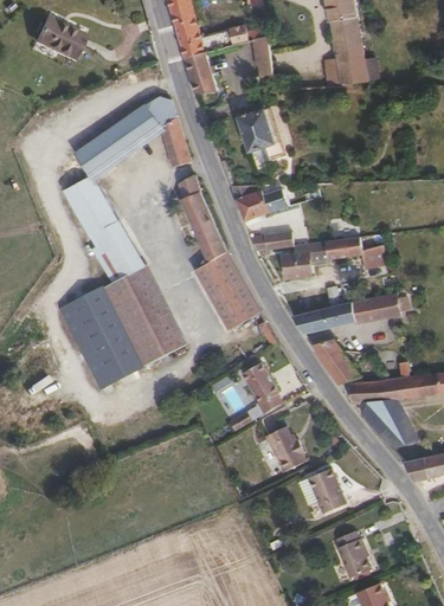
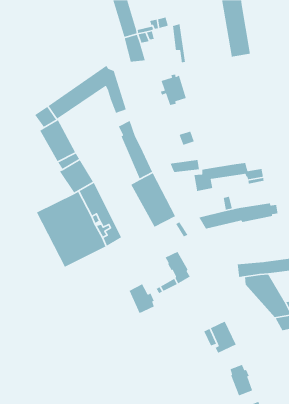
building: [33,19,83,60] -> none
building: [231,186,270,223] -> none
building: [311,340,360,385] -> none
building: [268,424,305,469] -> [129,283,155,314]

